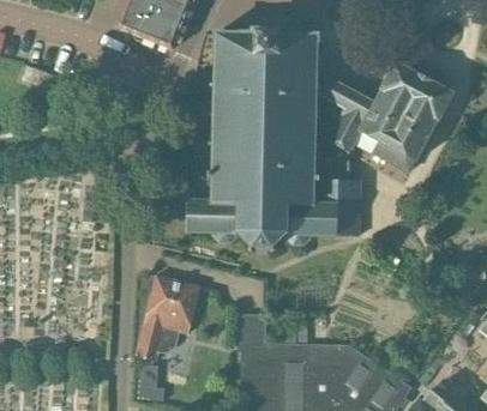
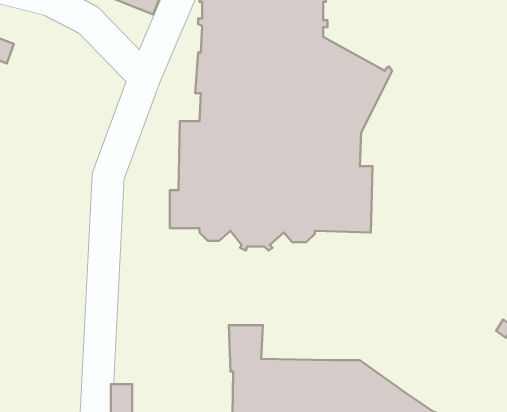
building: [360,61,453,169] -> none
building: [137,274,199,358] -> none

